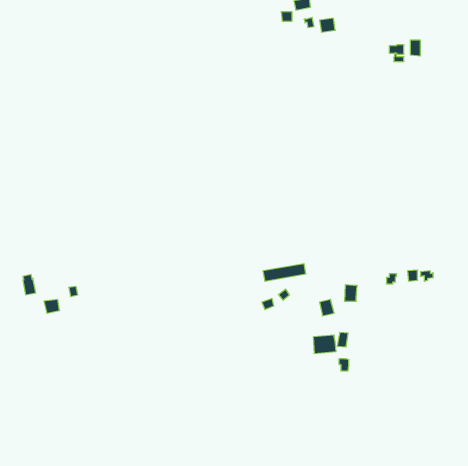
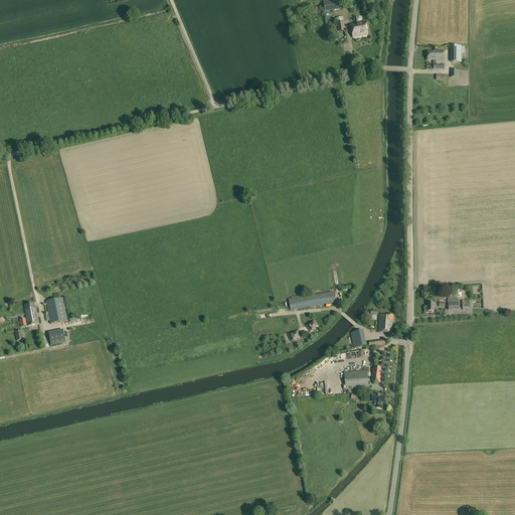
building: none -> [45,296,67,322]

